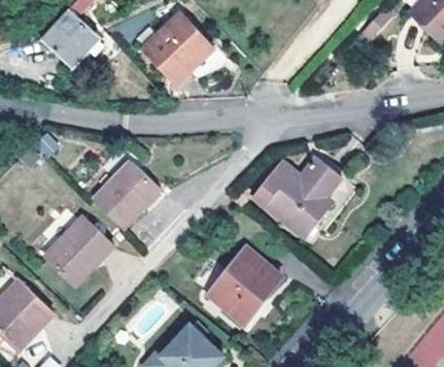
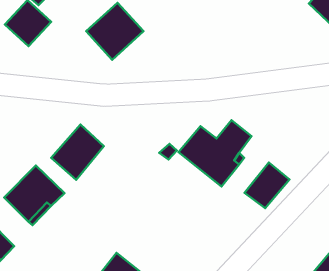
building: none -> [244,163,290,208]
building: [209,247,280,322] -> none

